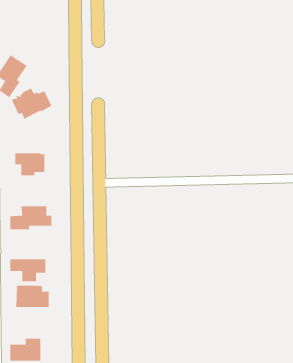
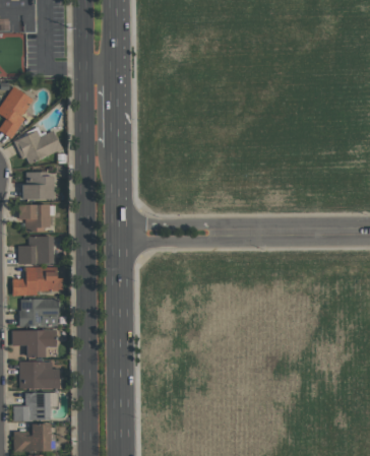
building: none -> [20,172,52,199]
building: none -> [18,237,54,265]
building: none -> [19,299,60,327]
building: none -> [14,393,59,421]

